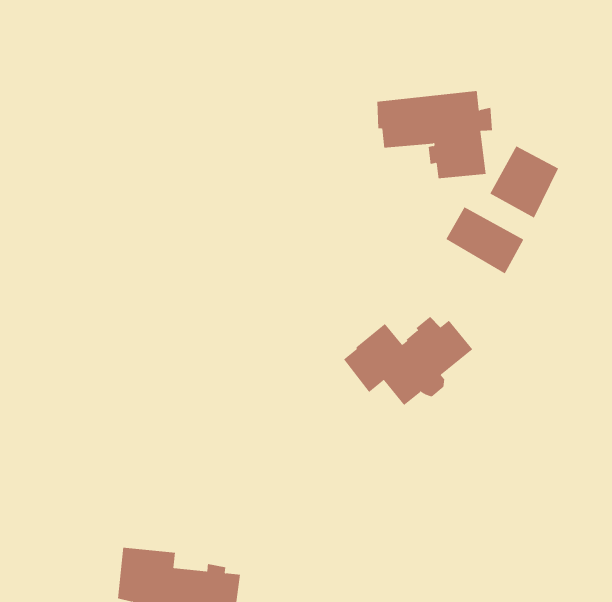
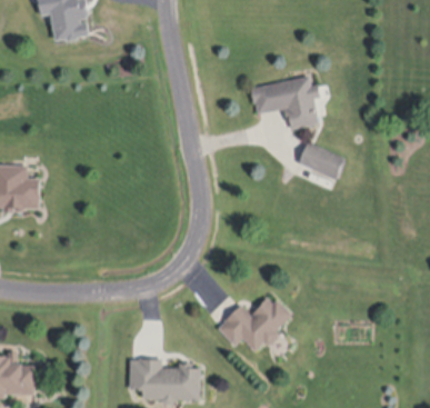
building: [490,145,559,218] -> none
building: [343,316,473,406] -> [218,298,292,351]

